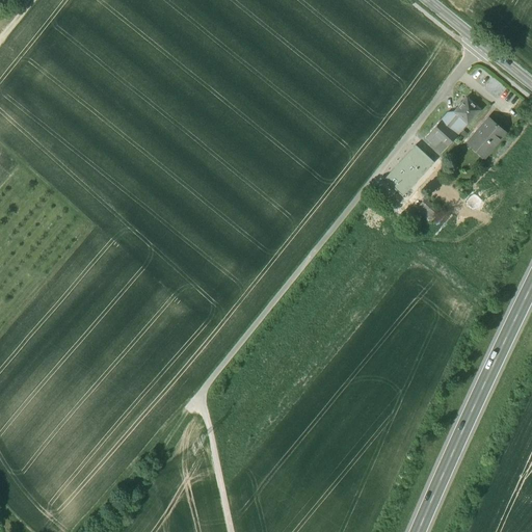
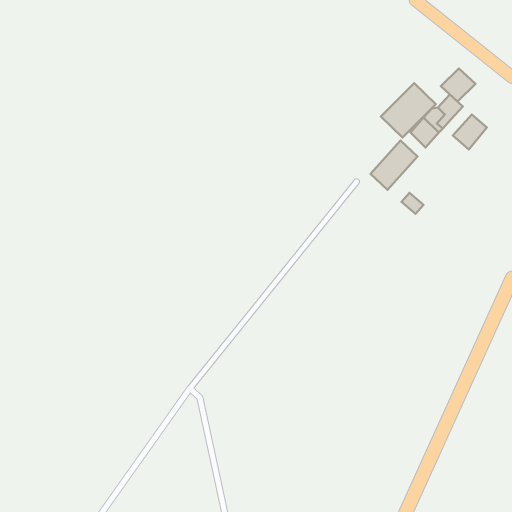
building: none -> [441,69,476,101]
building: none -> [381,83,436,138]

